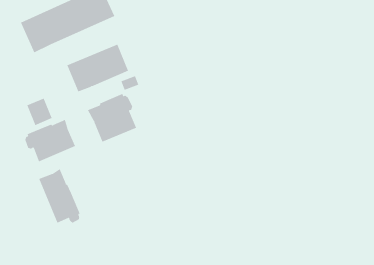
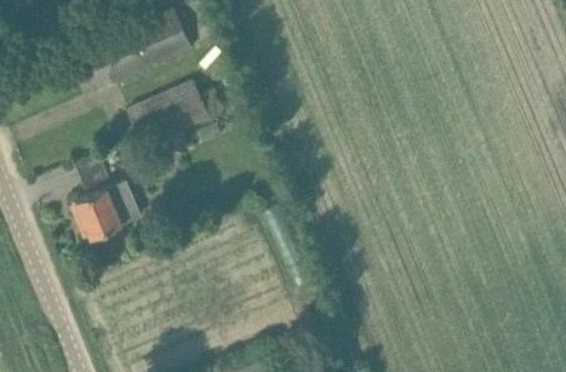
building: [87,93,137,142] -> none
building: [38,168,81,223] -> none

